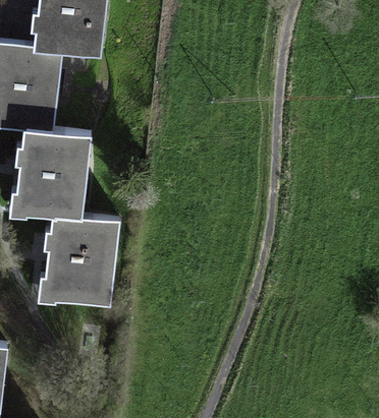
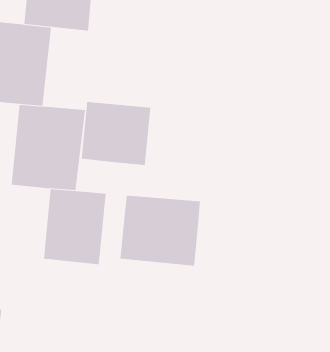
building: none -> [81,101,151,166]
building: none -> [120,195,201,267]

